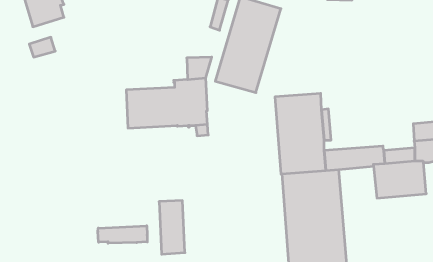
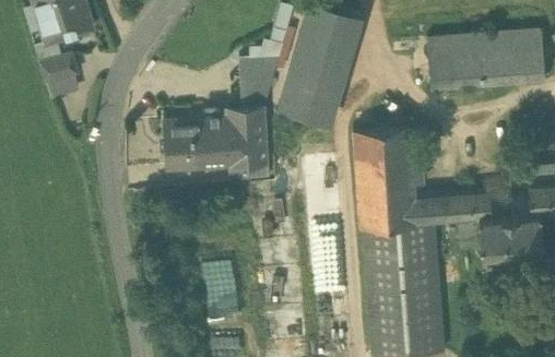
building: none -> [427,29,545,92]
building: none -> [239,58,280,81]
building: [98,226,147,243] -> none

